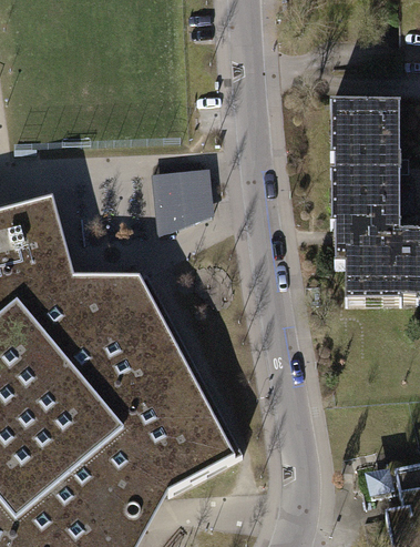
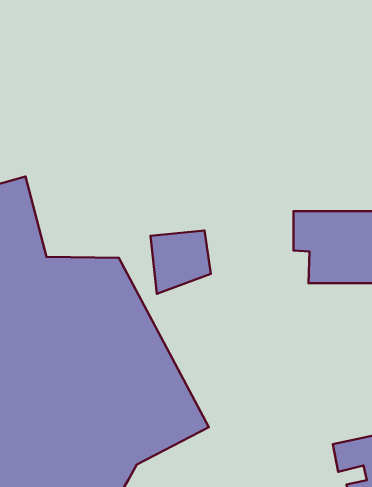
building: [330,98,406,230] -> none
building: [152,170,215,236] -> [150,230,211,294]

